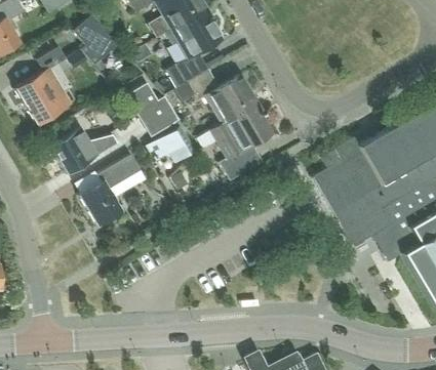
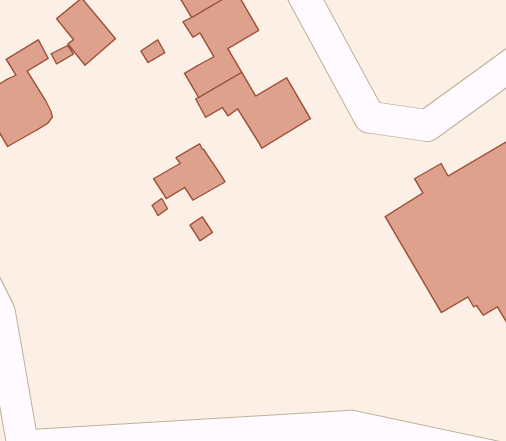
building: [127,84,180,138] -> none
building: [209,106,272,181] -> none
building: [50,129,115,174] -> none
building: [80,156,141,225] -> none

